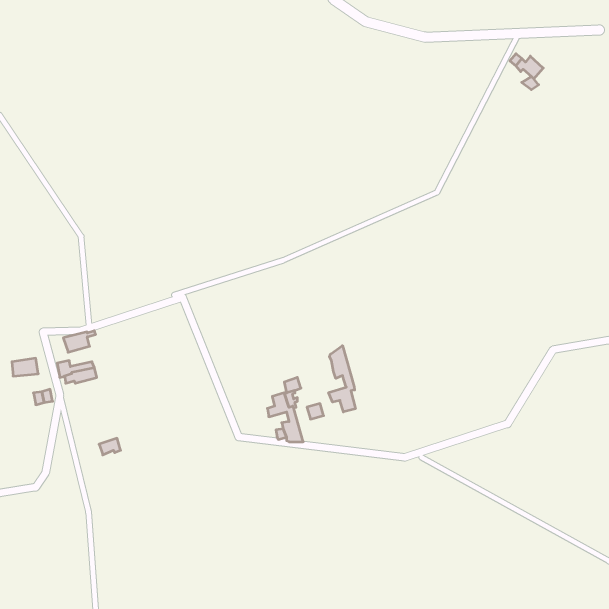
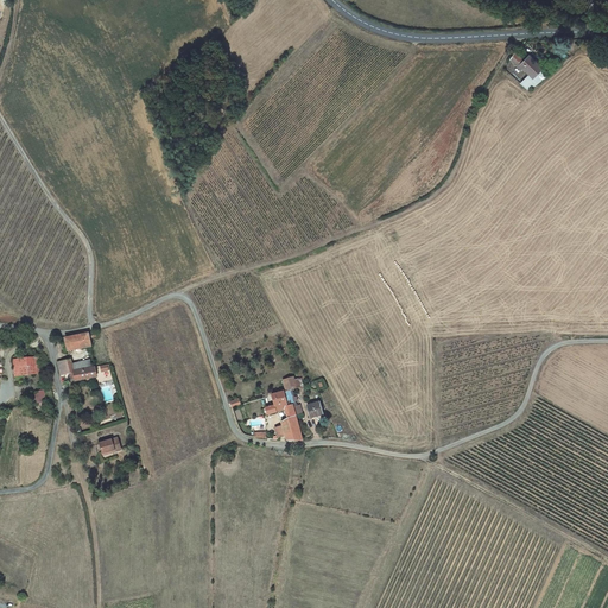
building: [329,346,355,412] -> none

